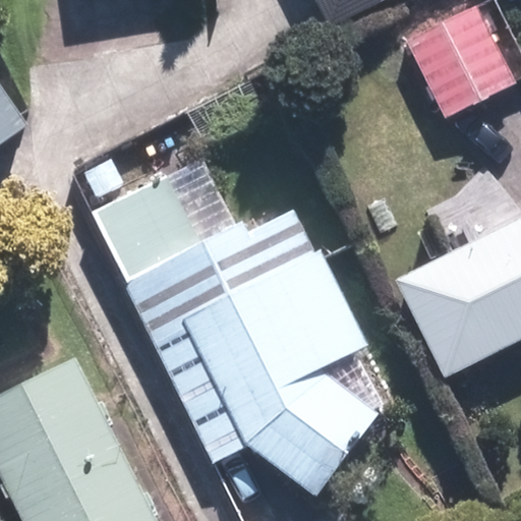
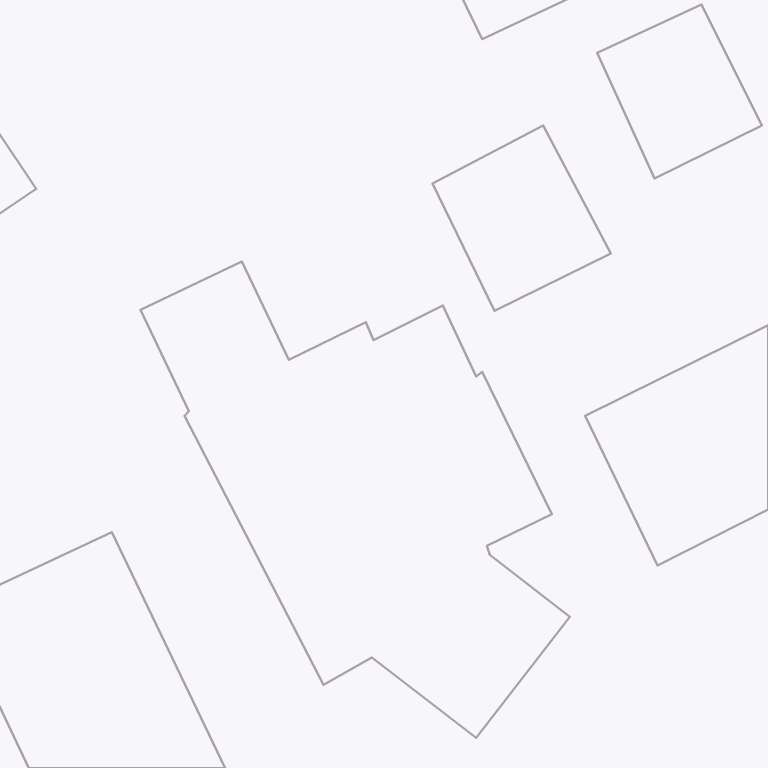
building: none -> [433,126,611,311]

